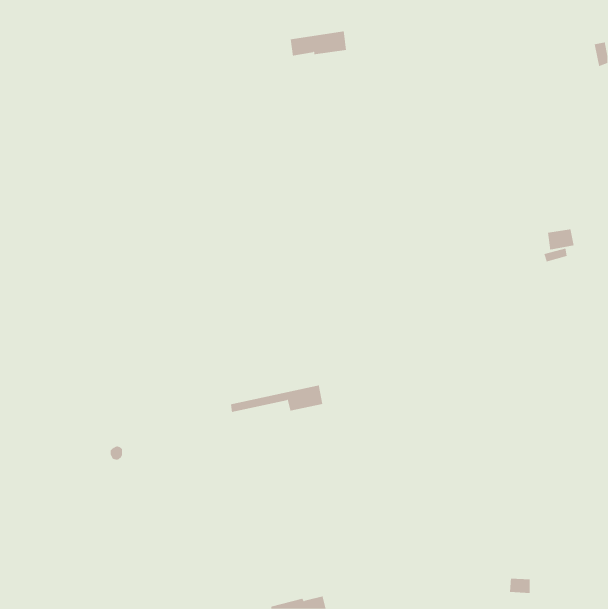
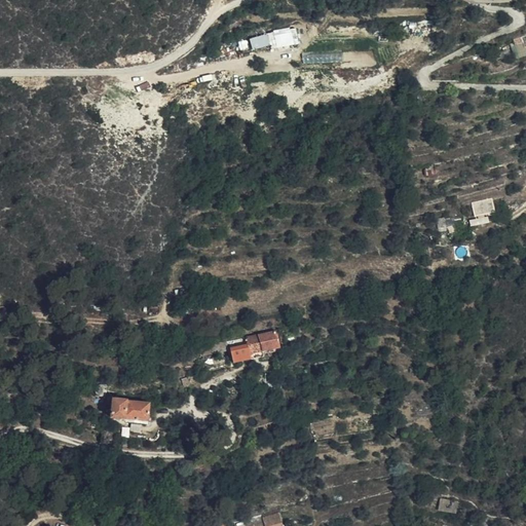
building: none -> [111,401,148,422]

